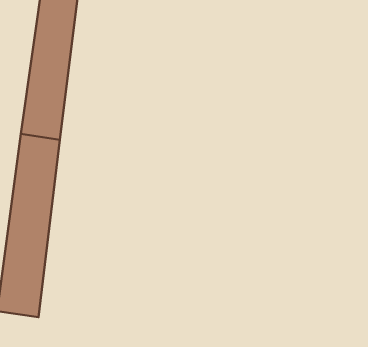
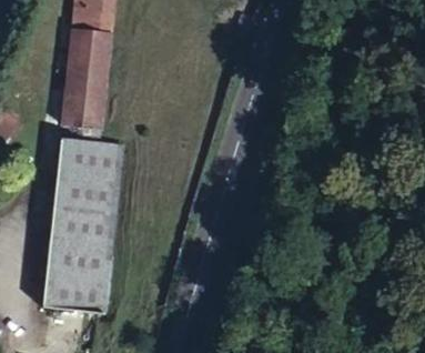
building: none -> [77,143,128,312]

